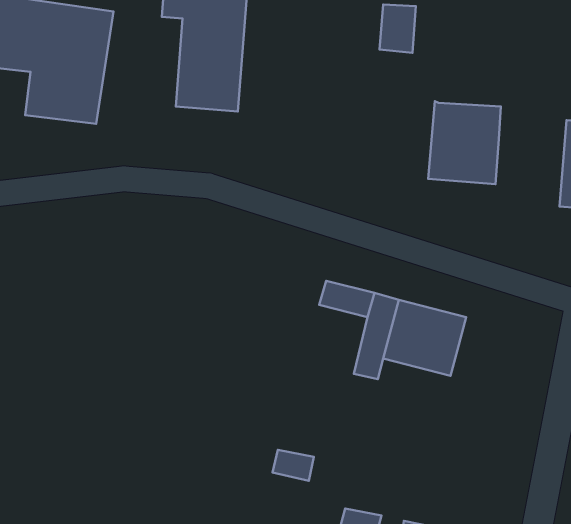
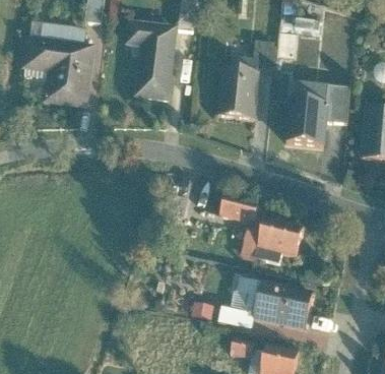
building: none -> [216,67,259,118]
building: none -> [288,78,348,120]
building: none -> [218,277,313,328]

